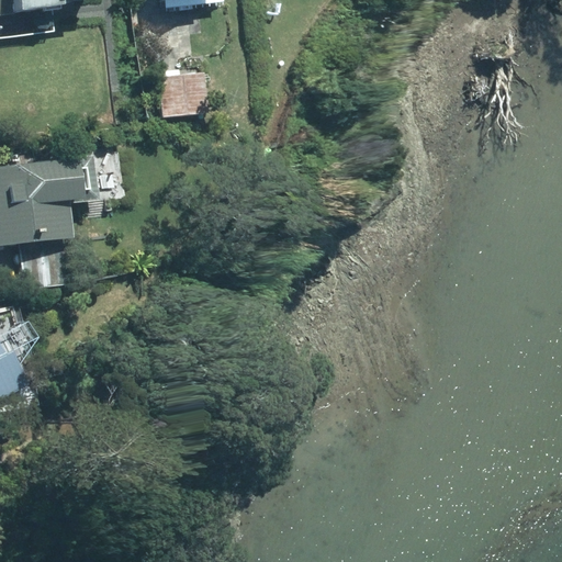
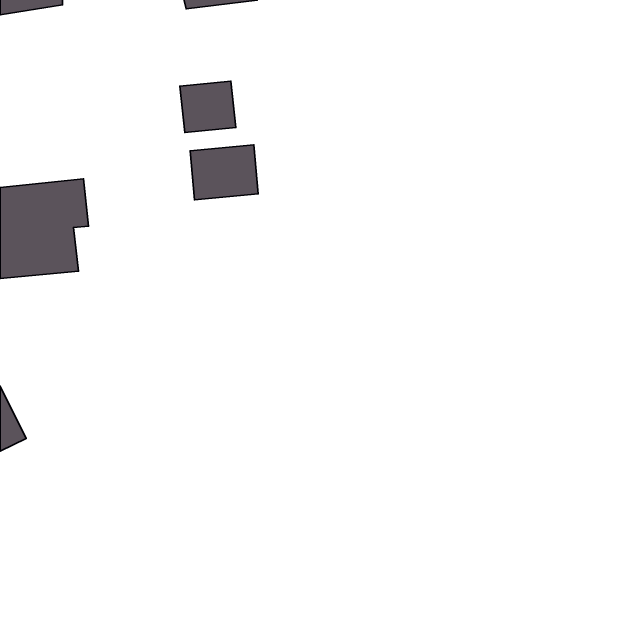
building: none -> [190,145,258,200]

